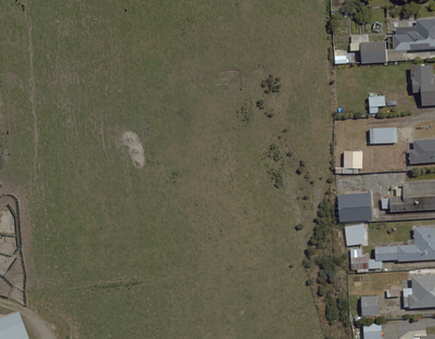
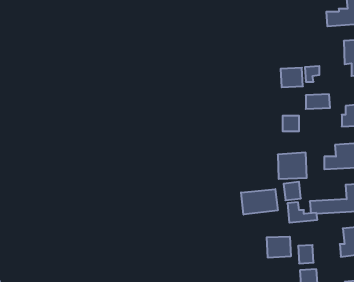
building: [361,41,386,63] -> [281,68,303,87]
building: none -> [241,189,278,215]
building: none -> [267,237,291,258]

